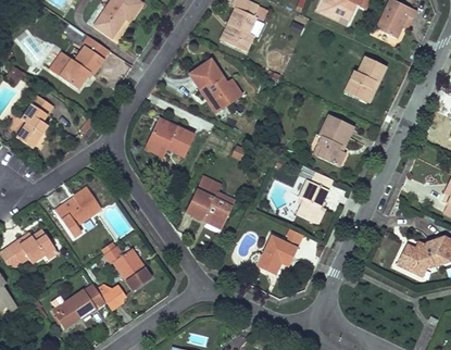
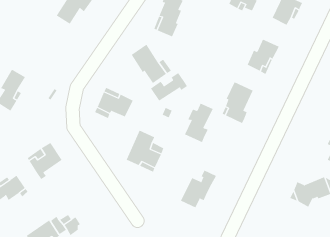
building: [50,47,104,90] -> none
building: none -> [150,72,188,102]
building: [295,170,333,222] -> [184,103,213,143]
building: [104,246,151,289] -> none

